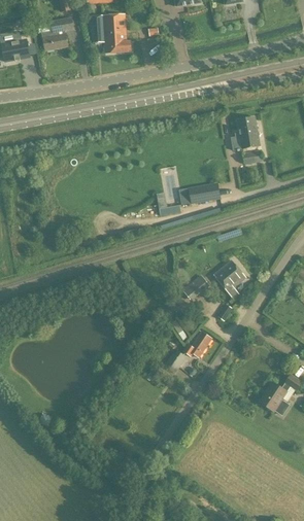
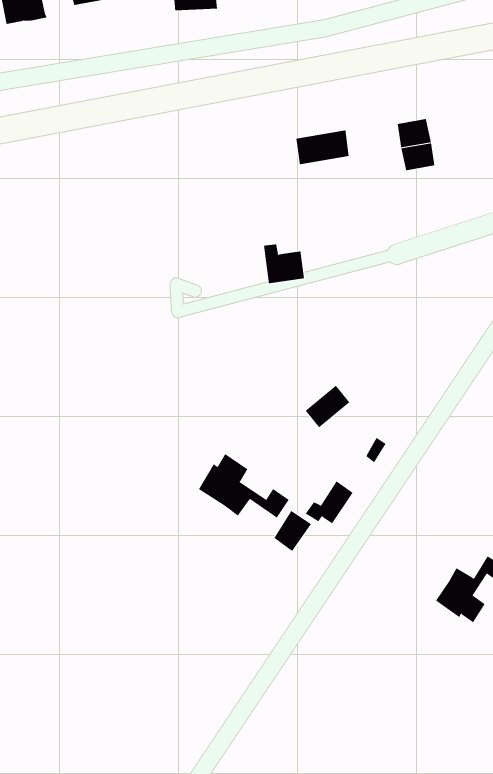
building: [189,182,221,203] -> [296,130,349,165]
building: [214,259,245,299] -> none
building: none -> [198,453,290,519]

